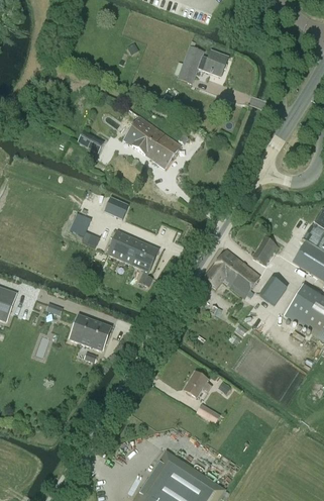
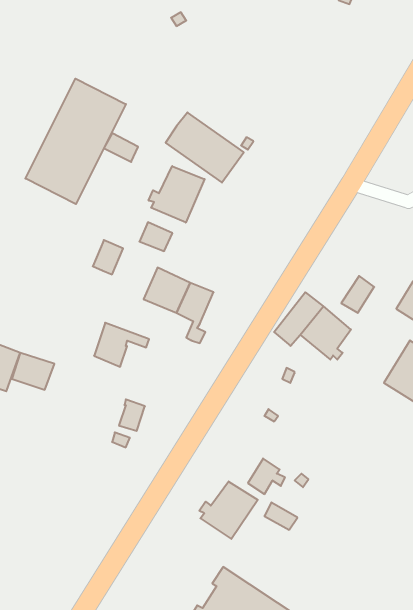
building: [177,45,227,84] -> none
building: none -> [25,79,126,204]
building: none -> [149,166,205,223]
building: [258,276,287,304] -> none
building: [70,314,110,346] -> [94,323,149,367]
building: none -> [199,481,258,539]

